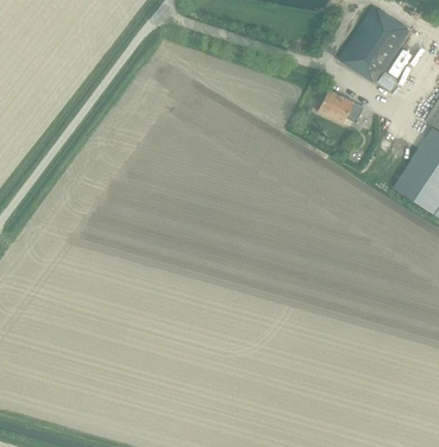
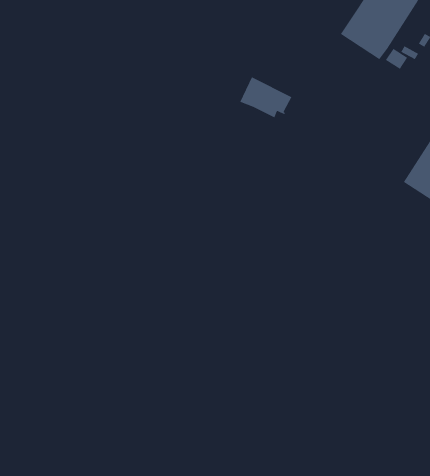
building: [319,90,365,127] -> [239,76,293,119]

